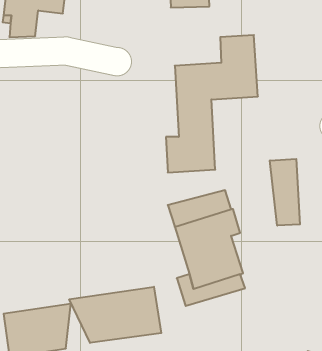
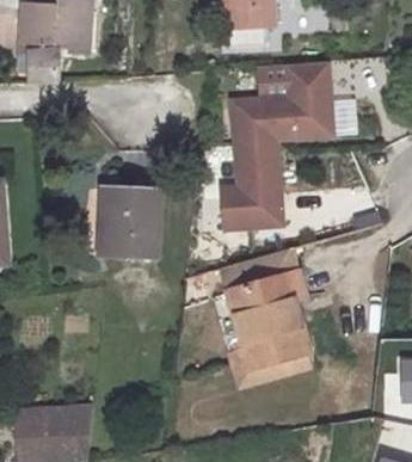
building: none -> [94,201,160,267]
building: [270,159,300,226] -> none
building: [69,287,161,343] -> none

